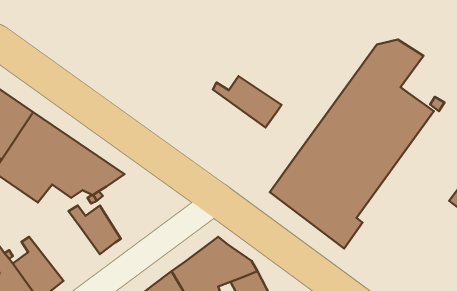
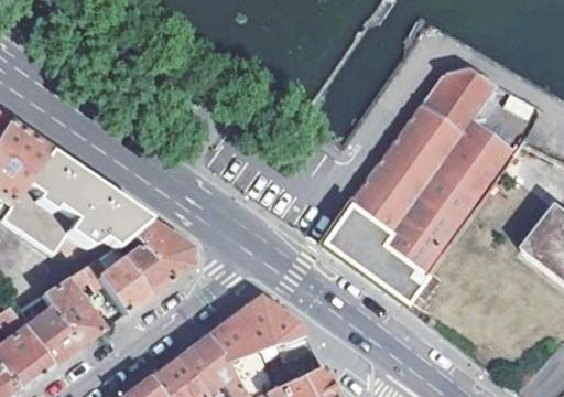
building: [213,76,281,127] -> none
building: none -> [126,222,193,297]
building: none -> [44,265,106,345]

